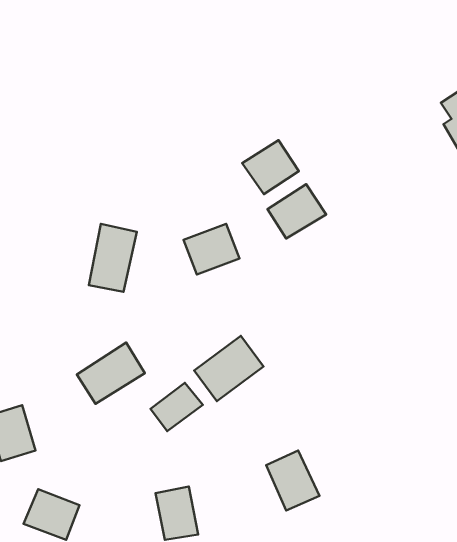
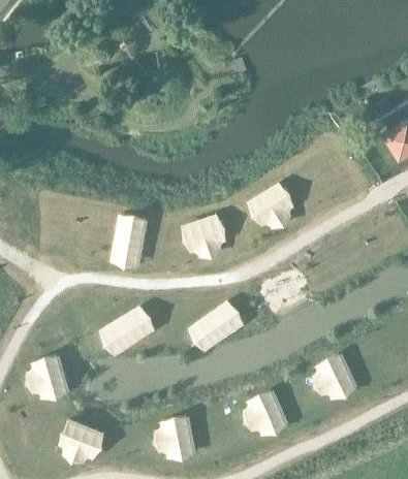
building: [242,140,299,194] -> none
building: [150,383,203,431] -> none
building: none -> [317,355,357,400]

